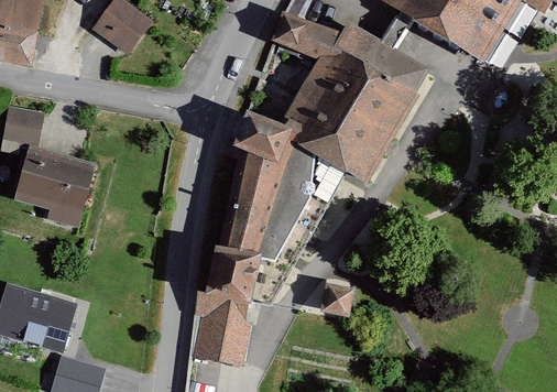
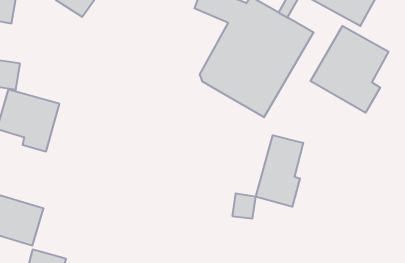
building: none -> [310,26,388,113]
building: [189,113,309,361] -> none
building: none -> [256,135,303,207]

